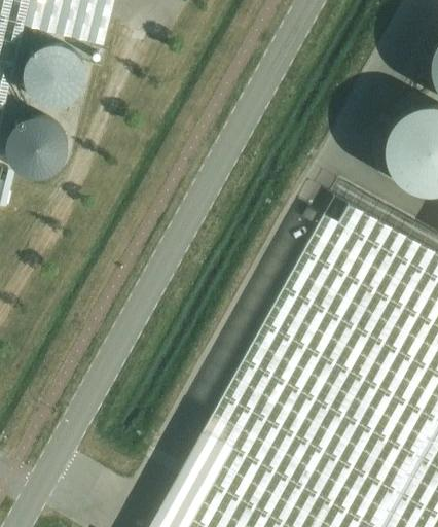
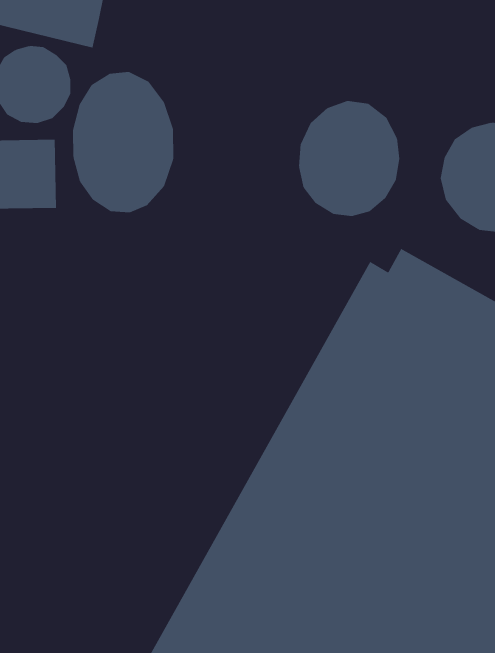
building: none -> [72,71,174,213]
building: none -> [299,100,400,217]

